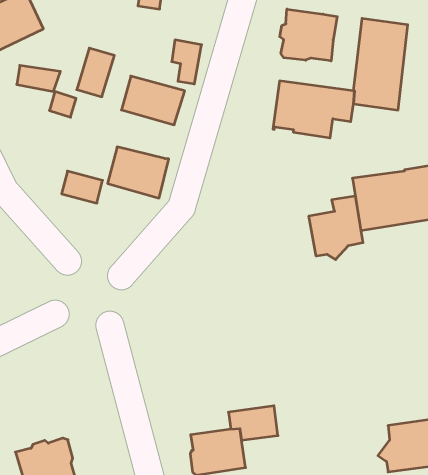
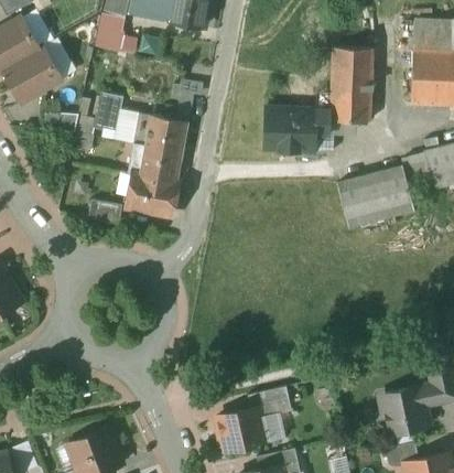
building: [280,9,337,61] -> none
building: none -> [127,143,180,182]
building: [309,196,363,260] -> none

